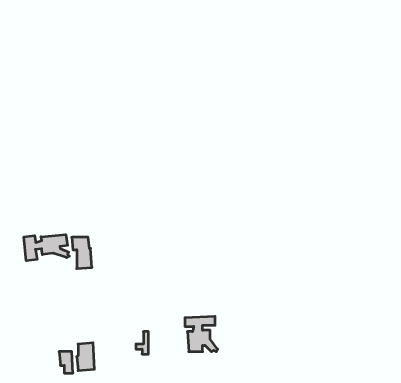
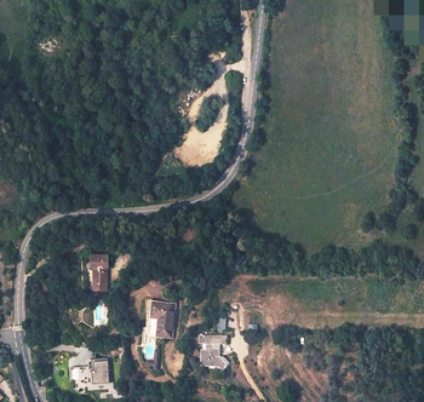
building: [24,235,69,261] -> none
building: none -> [147,300,172,337]

